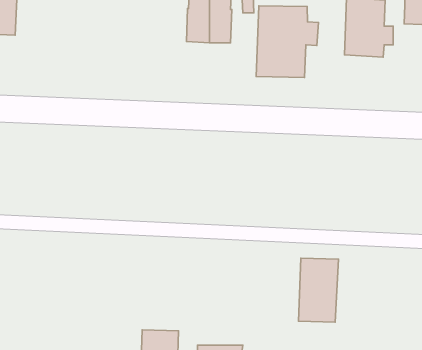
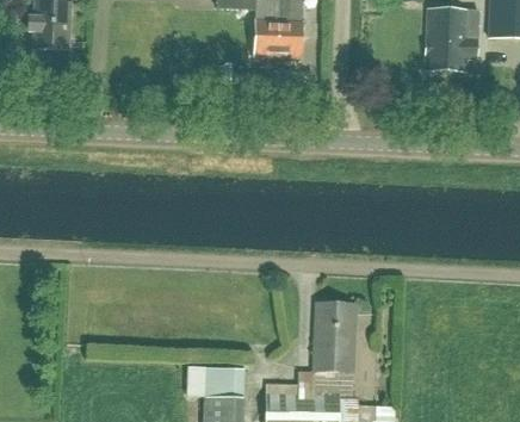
building: [256,6,319,77] -> none
building: [299,258,338,322] -> [312,302,355,371]

